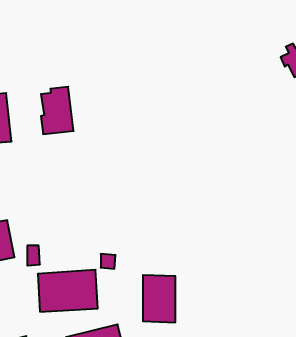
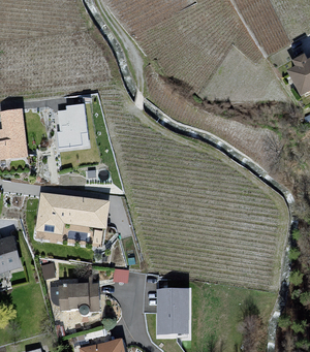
building: none -> [33,190,107,233]

